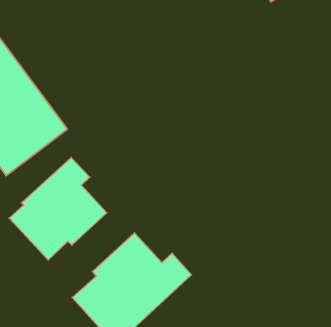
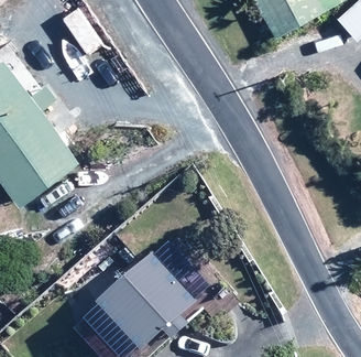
building: [9,157,107,260] -> none

